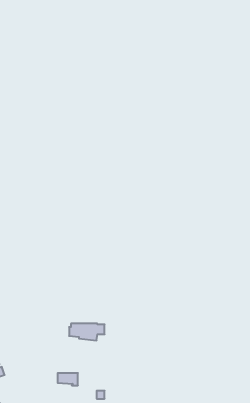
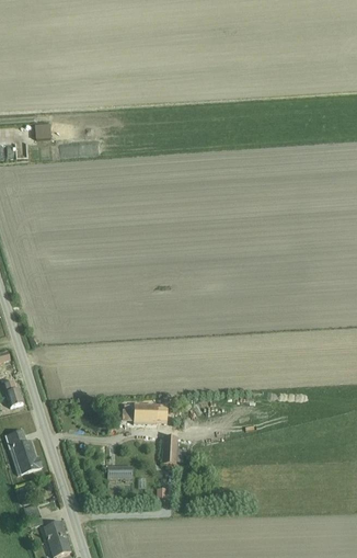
building: none -> [160,434,185,467]

